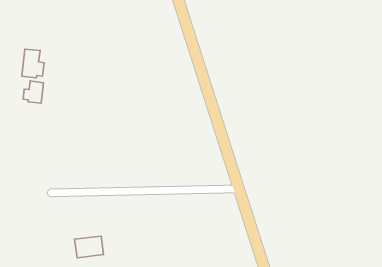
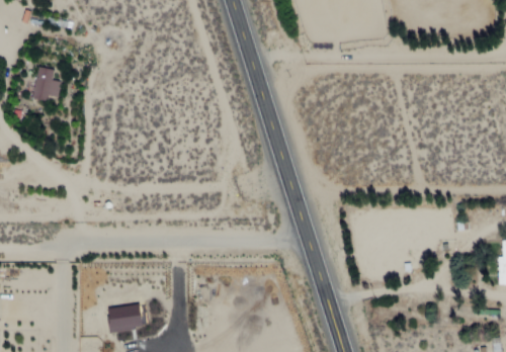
building: [23,81,43,103] -> none

